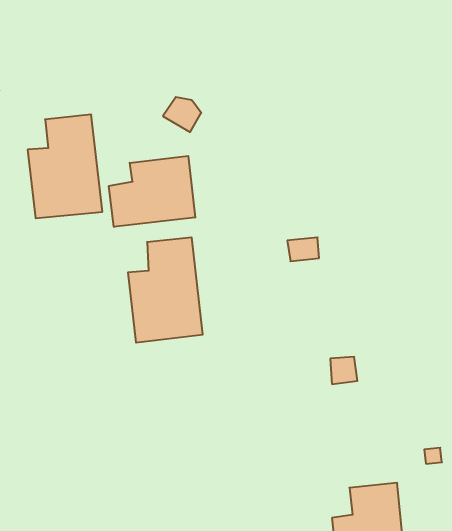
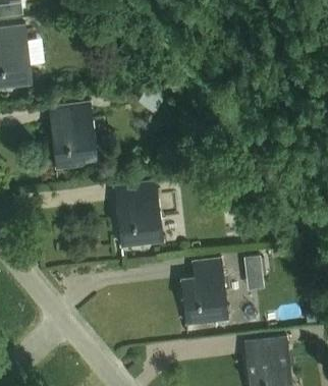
building: [109,156,195,227] -> none
building: none -> [180,258,228,324]

